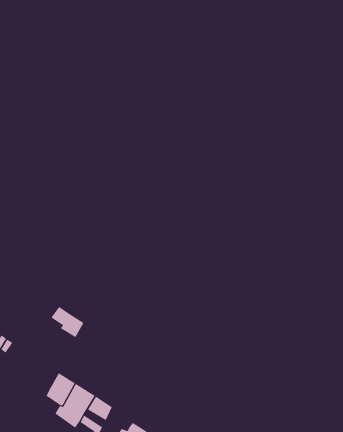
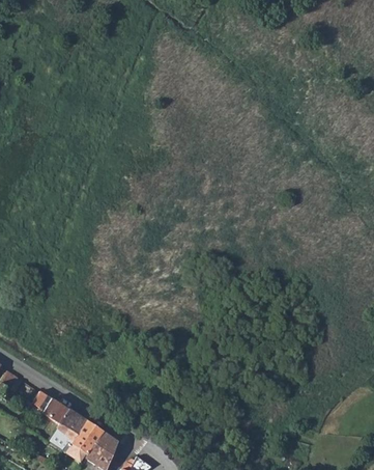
building: [50,306,84,338] -> [32,391,65,422]

